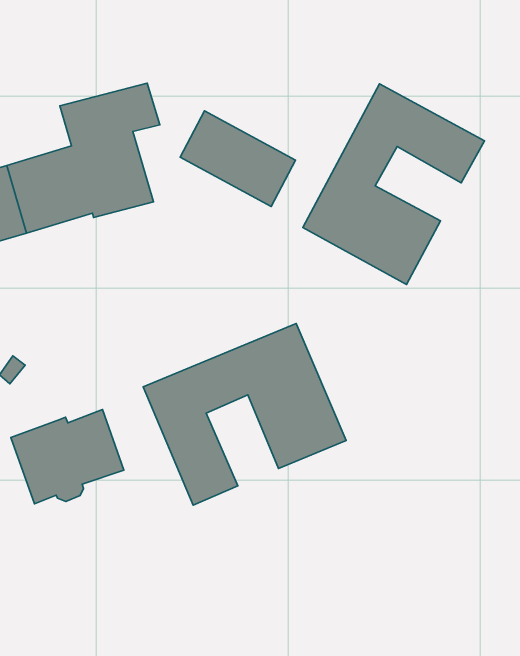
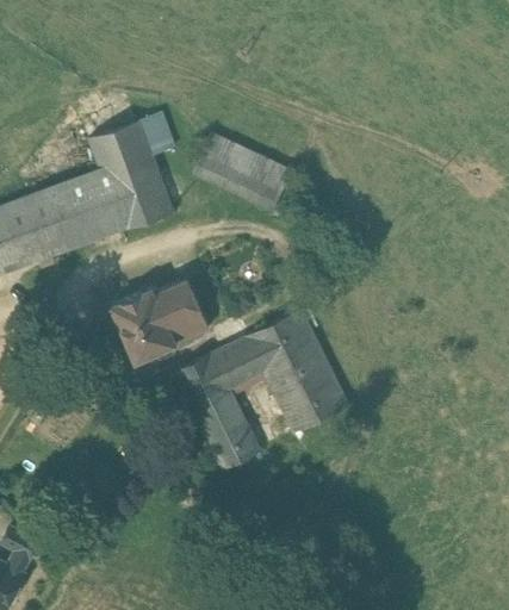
building: [303,84,485,285] -> none
building: [11,410,124,504] -> [110,279,207,362]

